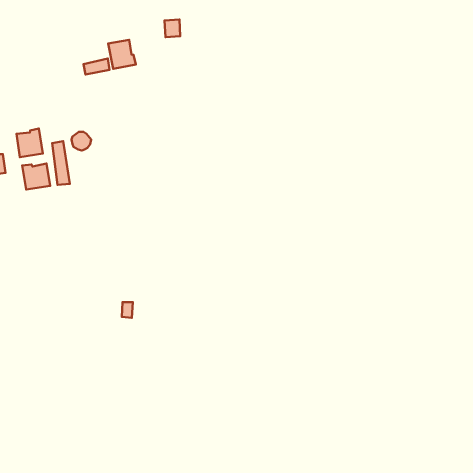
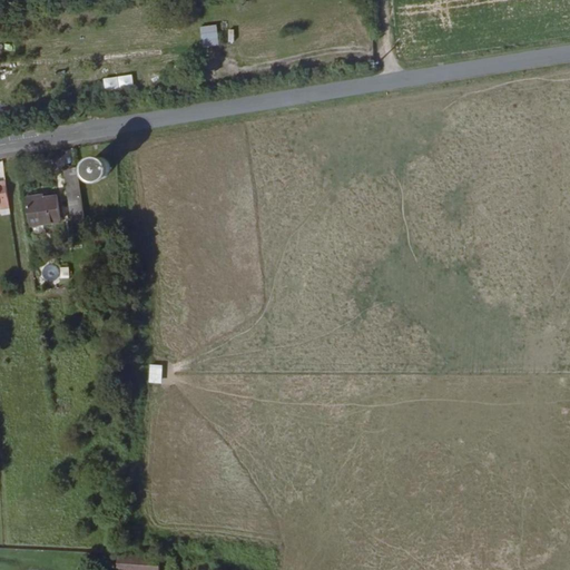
building: [108,40,136,69] -> none
building: [16,129,43,157] -> none

